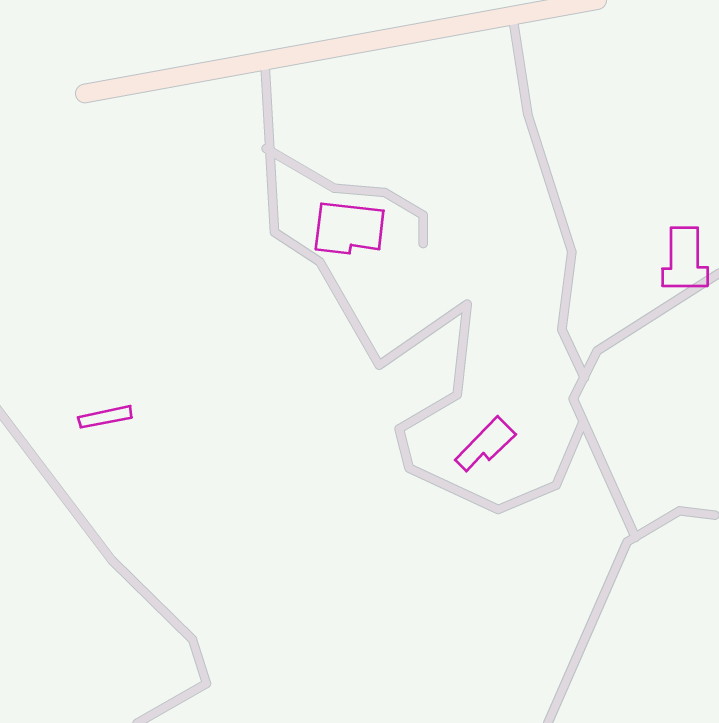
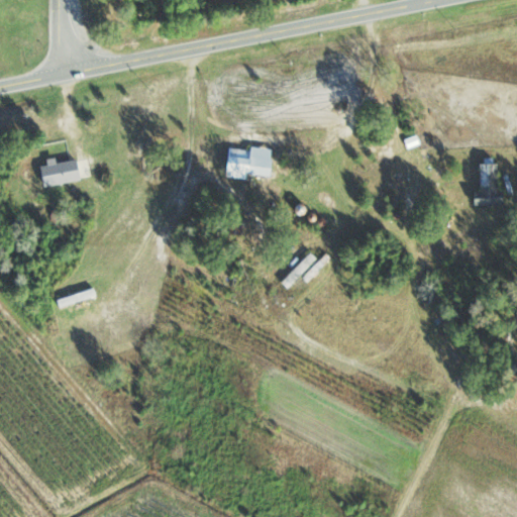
building: none -> [40,157,90,187]
building: [455,416,516,471] -> [280,250,323,290]

